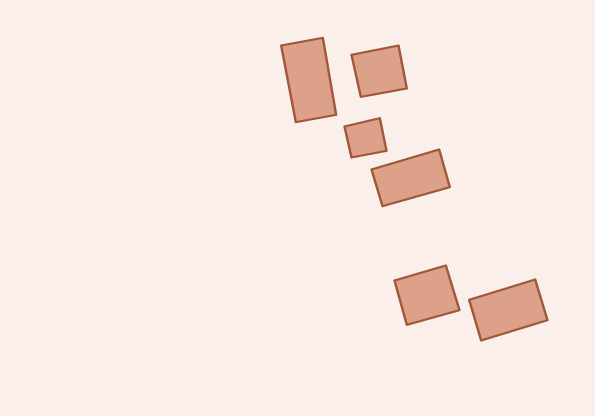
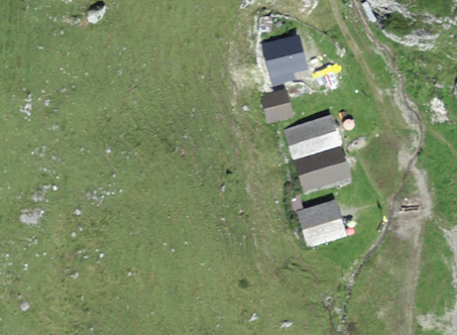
building: [281,38,336,122] -> none
building: [469,280,547,340] -> [292,145,350,191]

